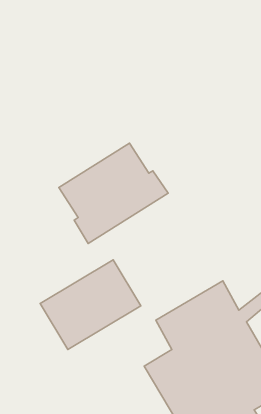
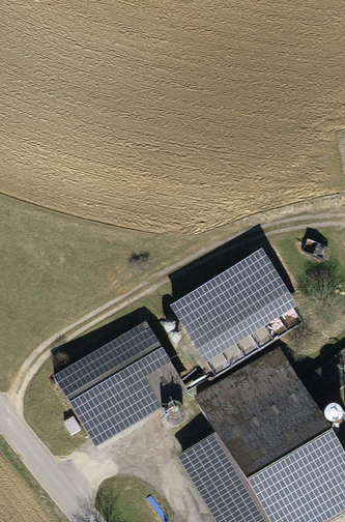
building: [59,143,168,244] -> [174,254,309,378]

